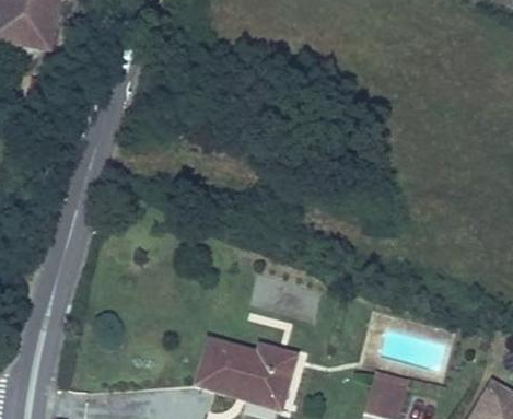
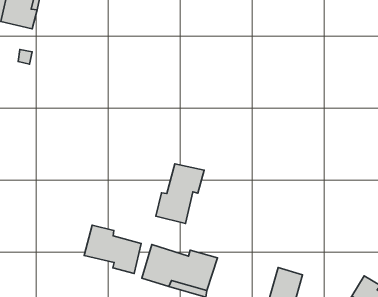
building: none -> [156,164,204,224]
building: none -> [84,225,141,274]

